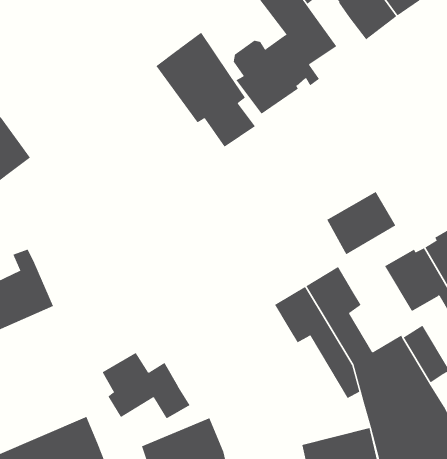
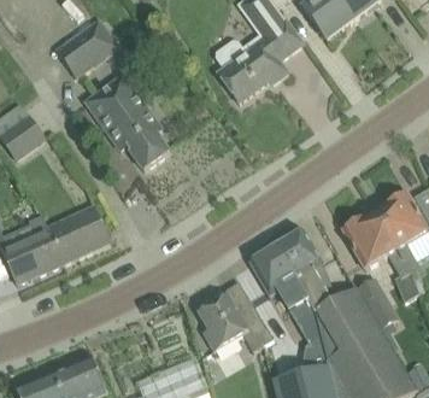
building: none -> [55,18,118,76]
building: [156,32,256,147] -> [86,72,170,170]
building: [327,191,396,255] -> none
building: none -> [48,206,110,263]
building: [102,352,190,419] -> [199,294,274,351]

